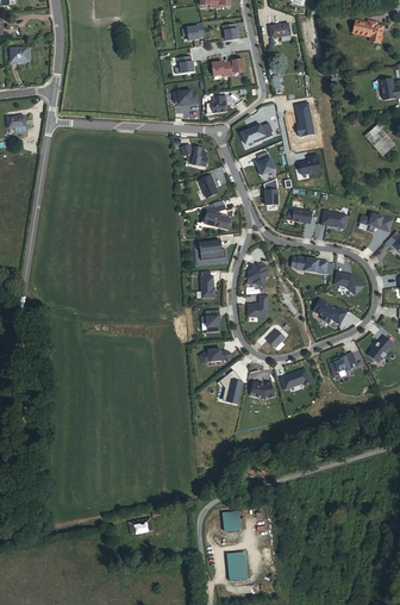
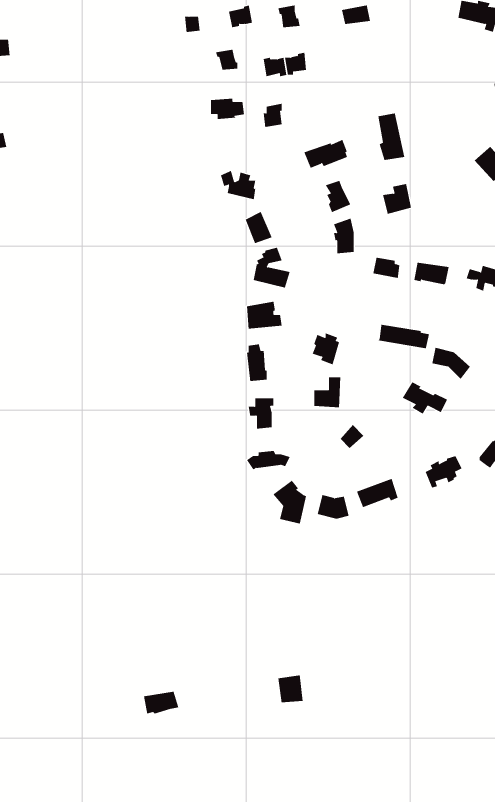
building: [226,551,248,581] -> none

